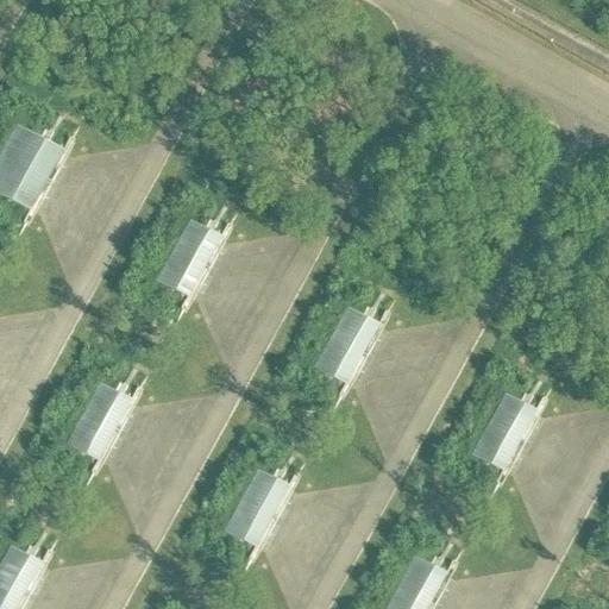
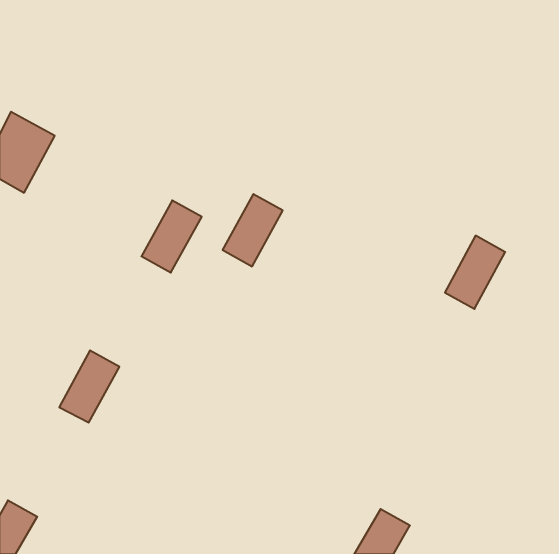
building: [318,308,383,387] -> [223,194,283,266]
building: [469,390,534,470] -> [445,236,505,309]
building: [228,471,294,550] -> none

